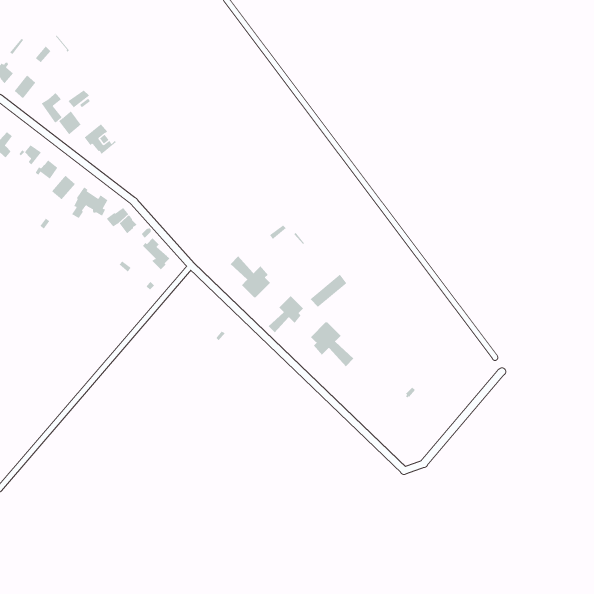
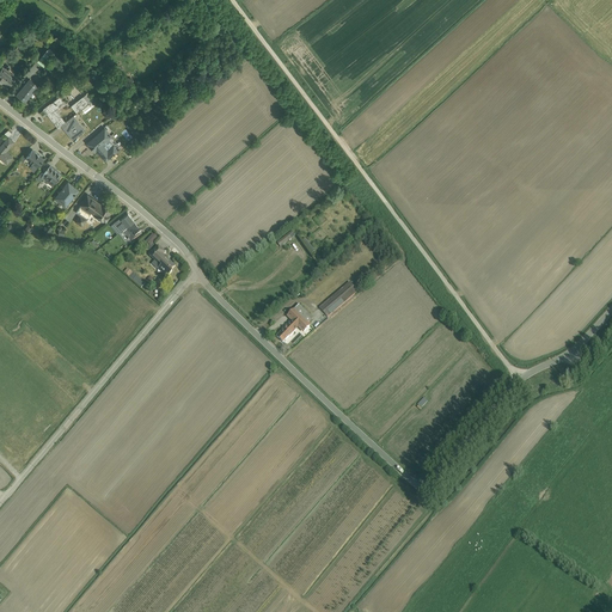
building: [230,256,271,298] -> none
building: [310,322,354,367] -> none

